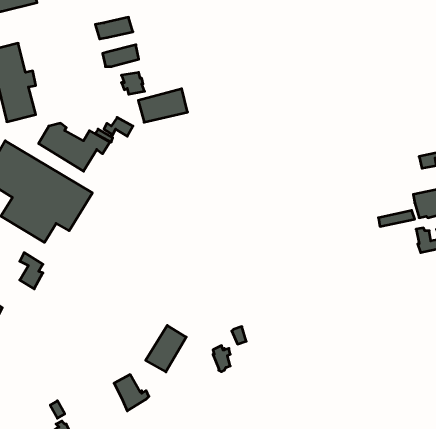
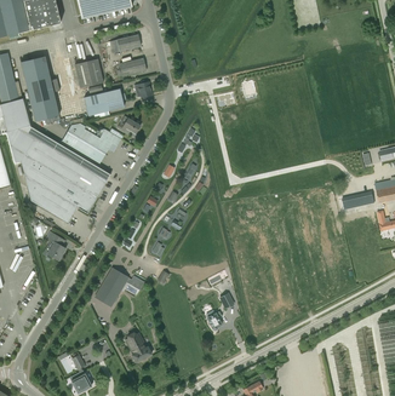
building: none -> [74,58,103,87]
building: [138,89,188,122] -> [84,87,125,115]
building: [146,325,186,372] -> [93,266,127,305]

